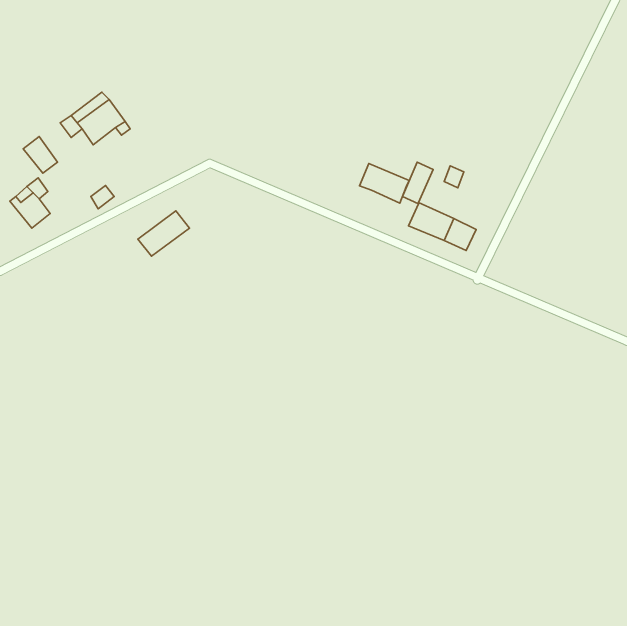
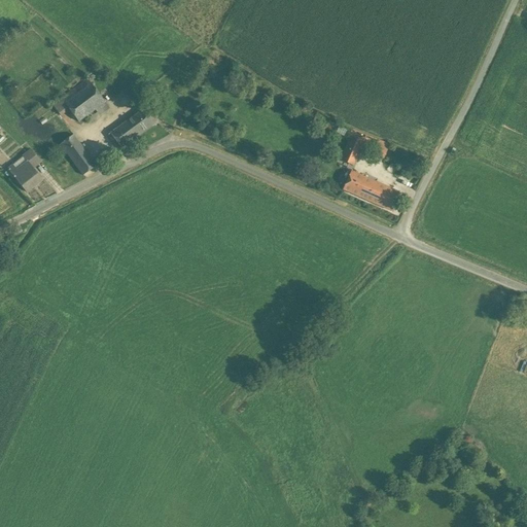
building: [23,136,57,173] -> [60,134,89,165]
building: [359,163,409,203] -> none
building: [138,211,189,256] -> [110,109,153,147]

